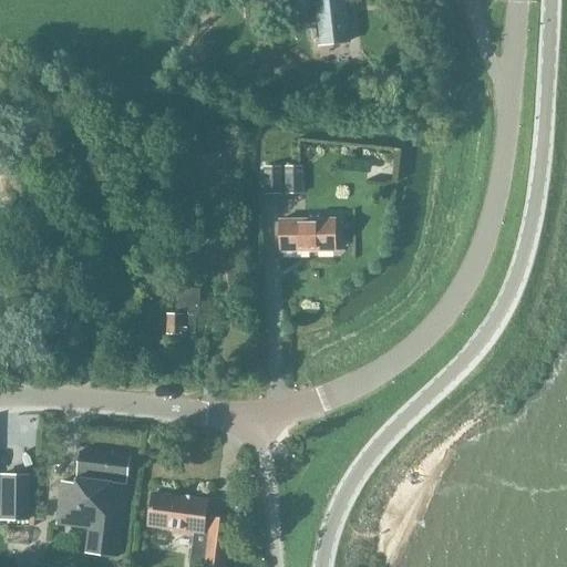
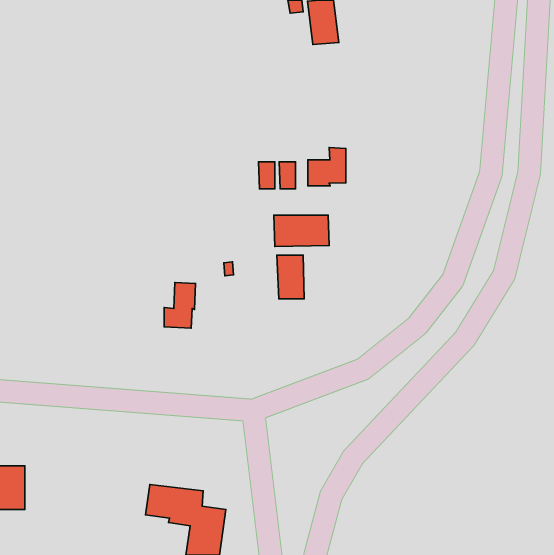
building: none -> [308,147,346,186]
building: none -> [277,255,304,299]
building: [56,451,130,554] -> none

